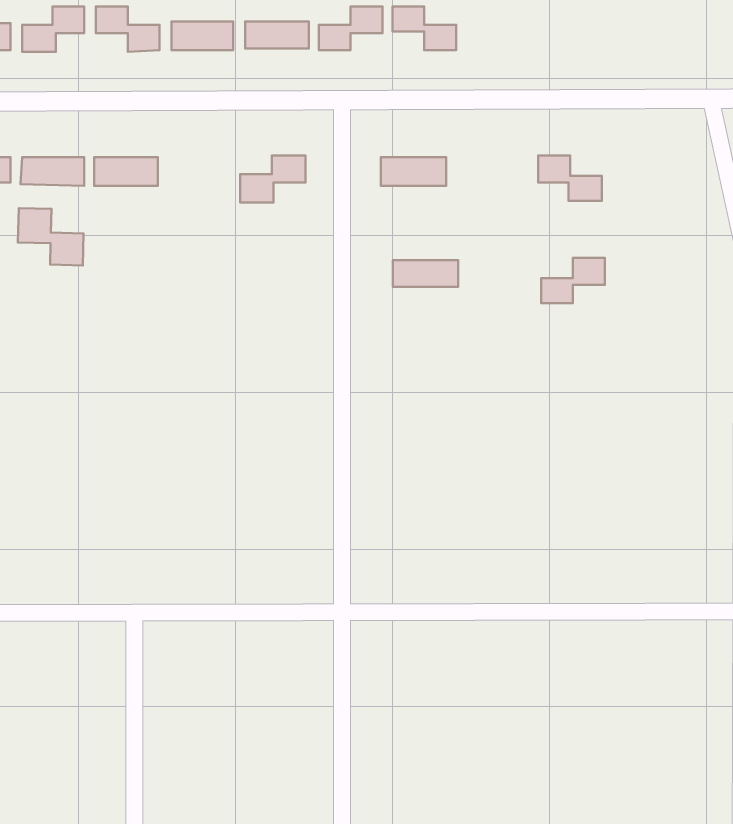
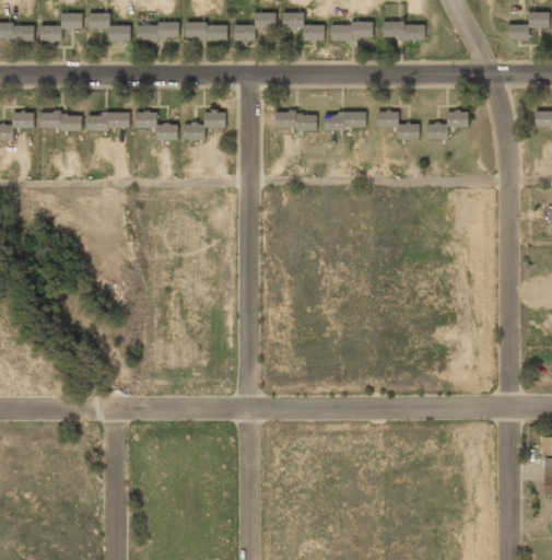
building: none -> [330,23,372,40]
building: none -> [381,23,425,39]
building: none -> [136,112,177,141]
building: [18,208,84,266] -> none
building: [541,258,605,303] -> [426,110,468,140]
building: [393,260,458,287] -> [324,113,366,130]

